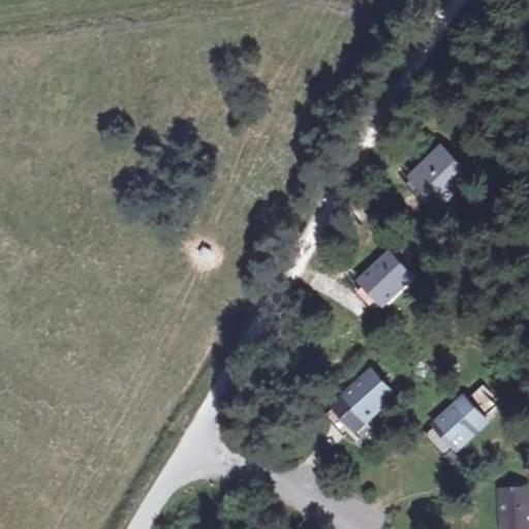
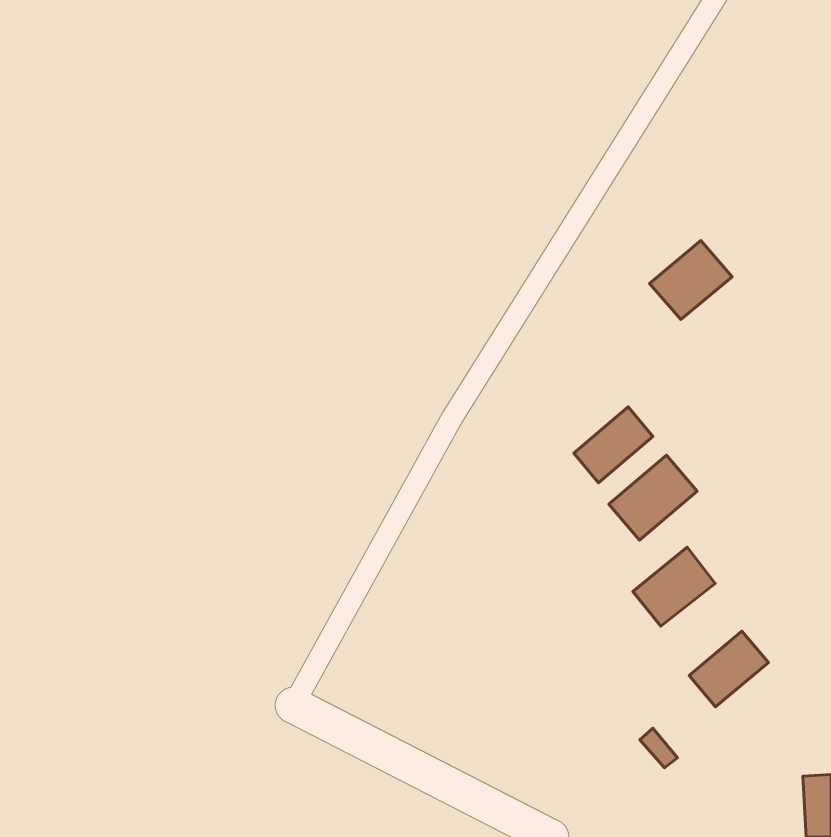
building: none -> [609,455,697,540]
building: [339,370,391,419] -> [633,547,715,626]

